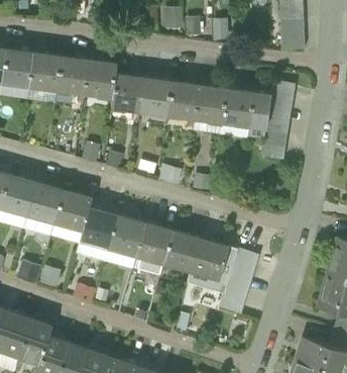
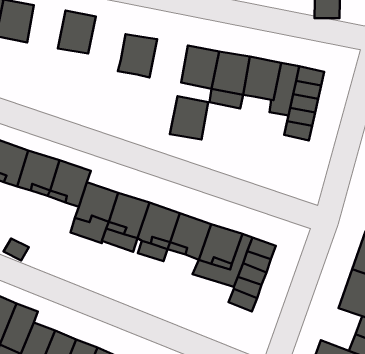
building: [28,53,61,90] -> none
building: [83,60,116,97] -> none
building: [138,77,170,114] -> [170,96,208,139]

